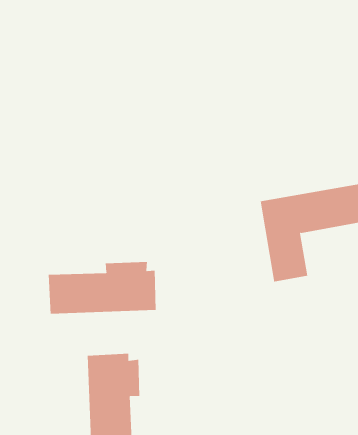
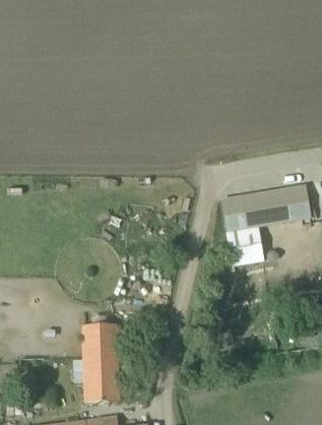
building: [48,261,156,315] -> none

